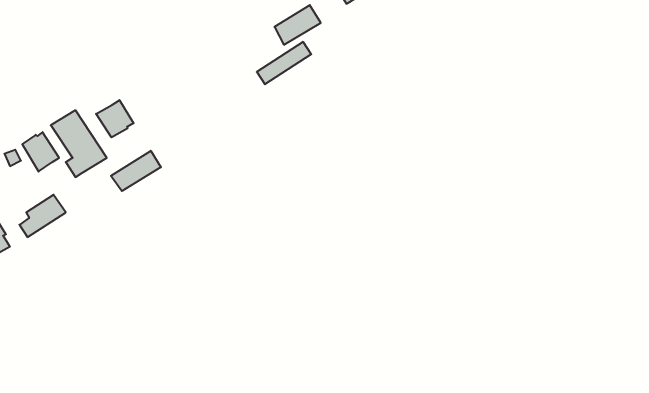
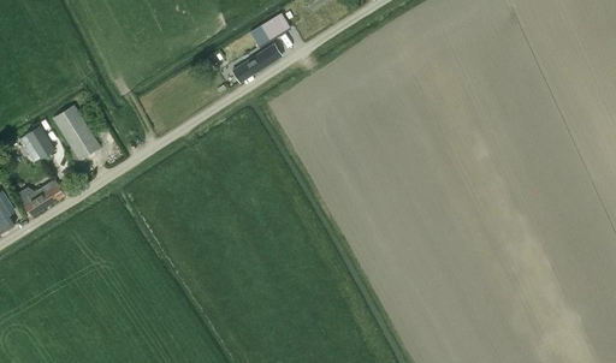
building: [96,100,134,137] -> none
building: [111,151,161,191] -> none

